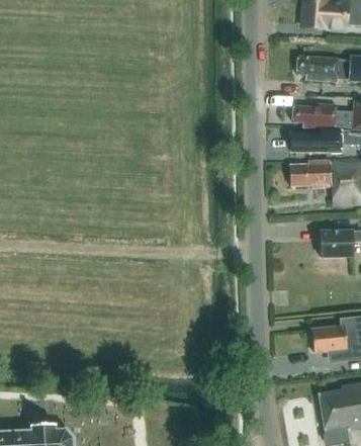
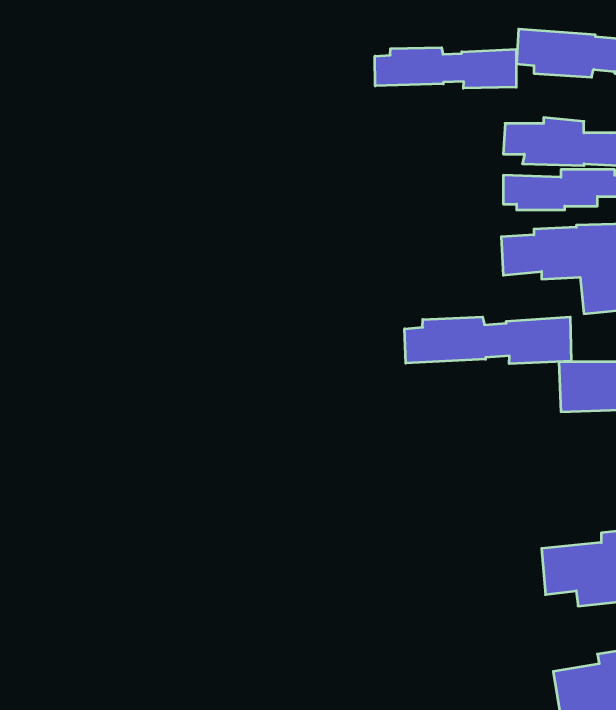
building: none -> [375,48,516,88]
building: none -> [405,317,571,364]

